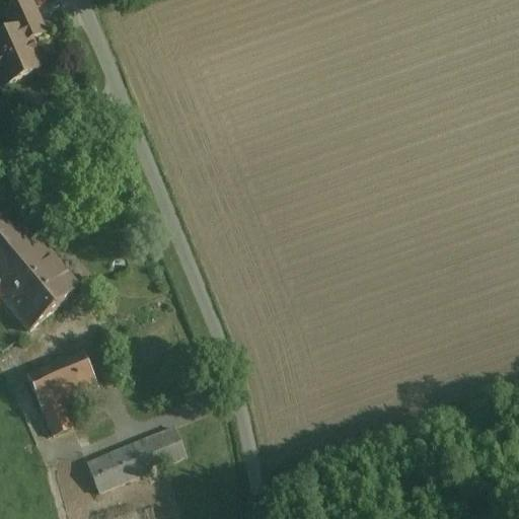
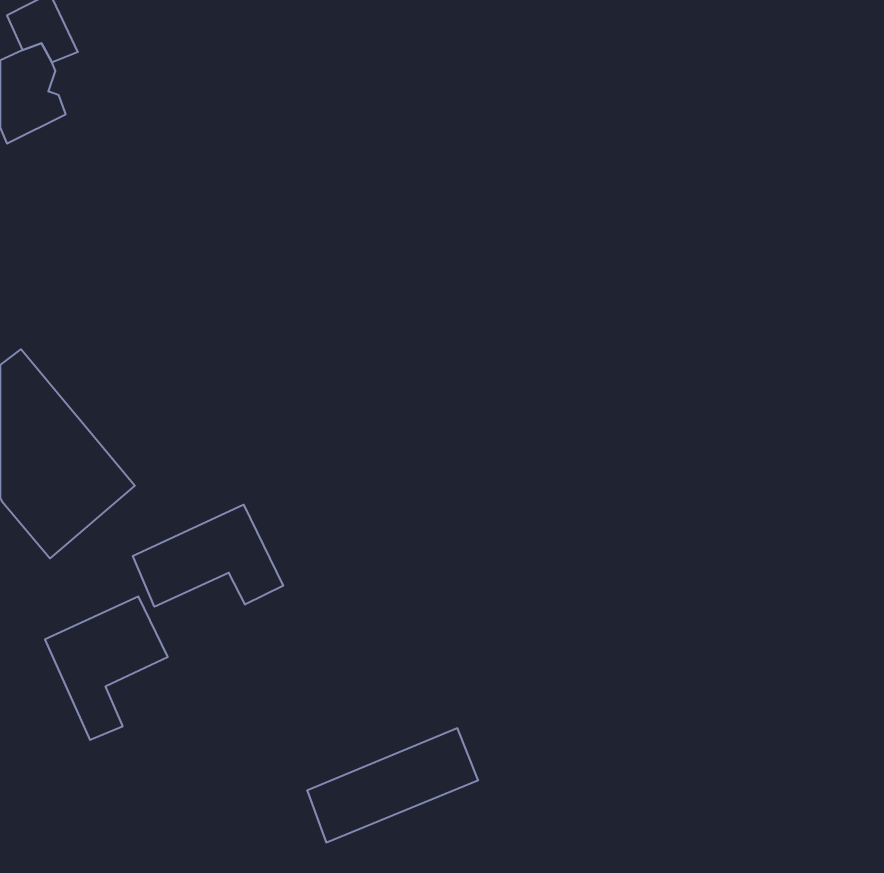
building: none -> [133,505,283,607]
building: [86,424,187,491] -> [307,728,478,842]

